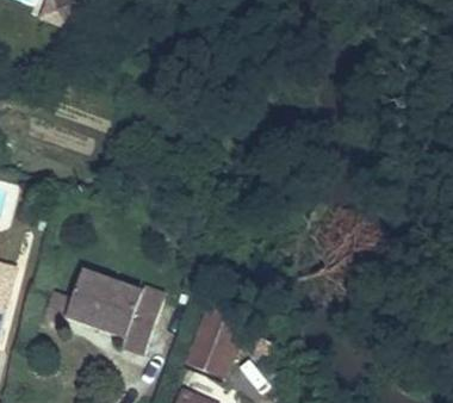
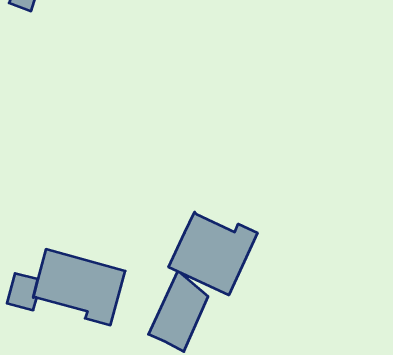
building: none -> [169,212,257,295]

